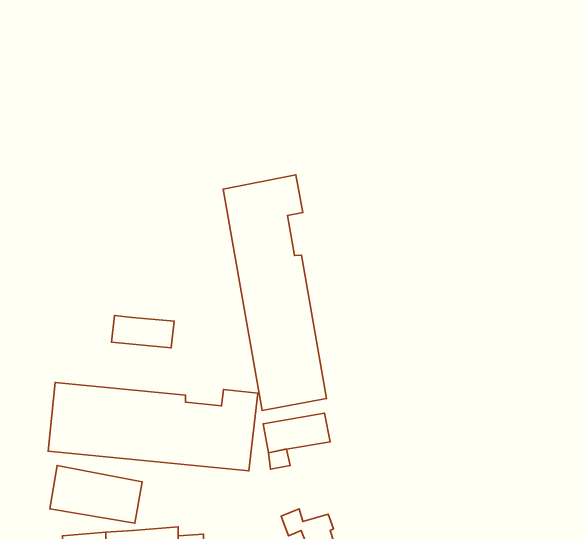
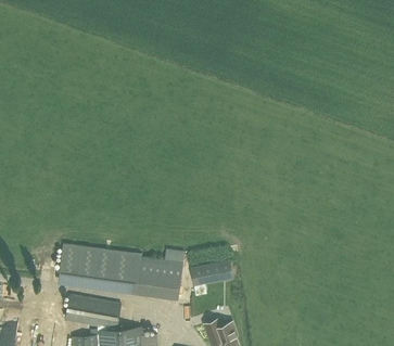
building: [223,175,327,410] -> none
building: [112,315,174,348] -> none

